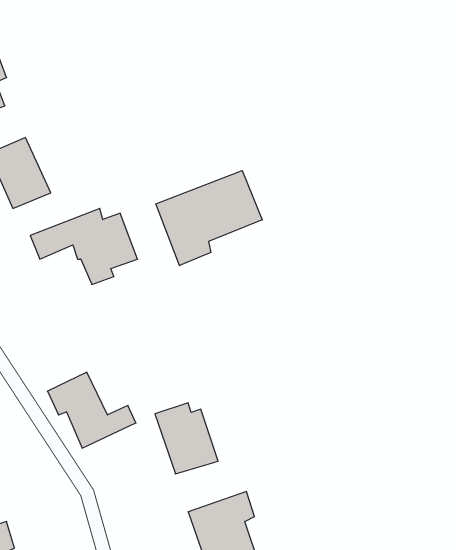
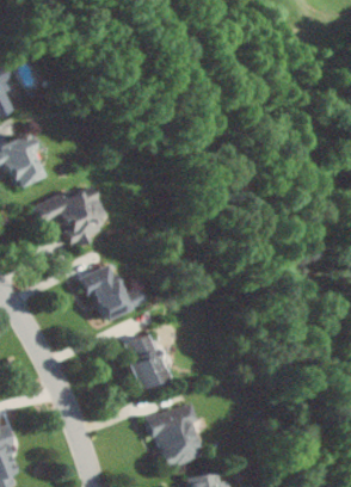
building: [156,171,262,266] -> none
building: [47,372,136,448] -> [79,263,146,320]

